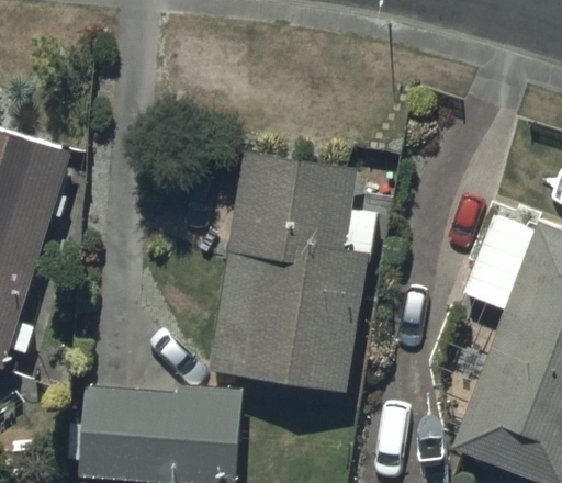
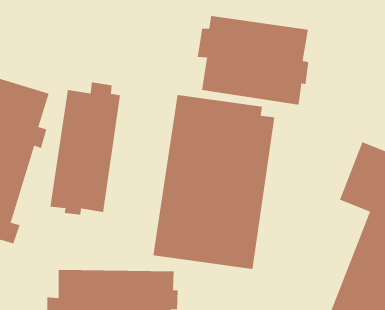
building: none -> [197,15,309,105]
building: none -> [50,81,121,216]

